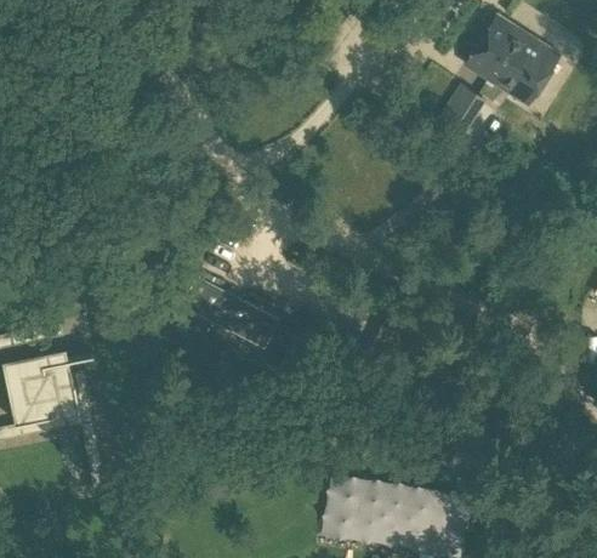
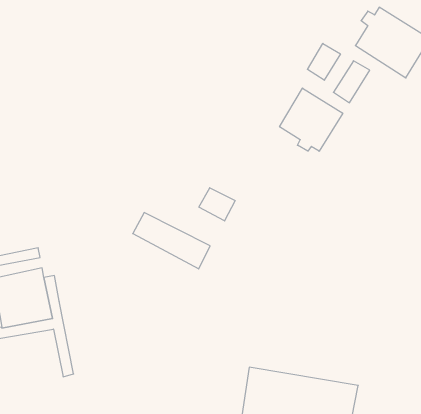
building: none -> [307,43,340,80]
building: none -> [280,88,343,151]
building: none -> [199,188,235,221]

